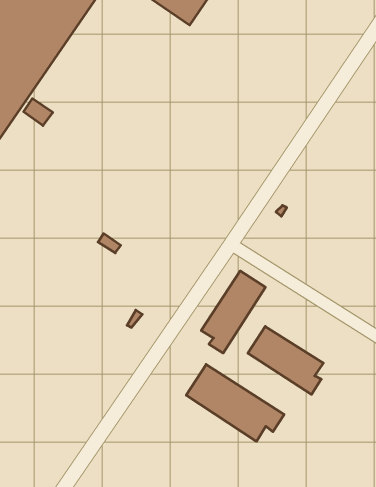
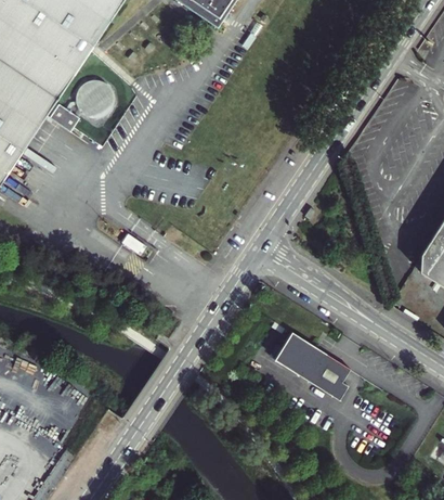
building: [201,271,265,353] -> none
building: [186,364,284,441] -> none

